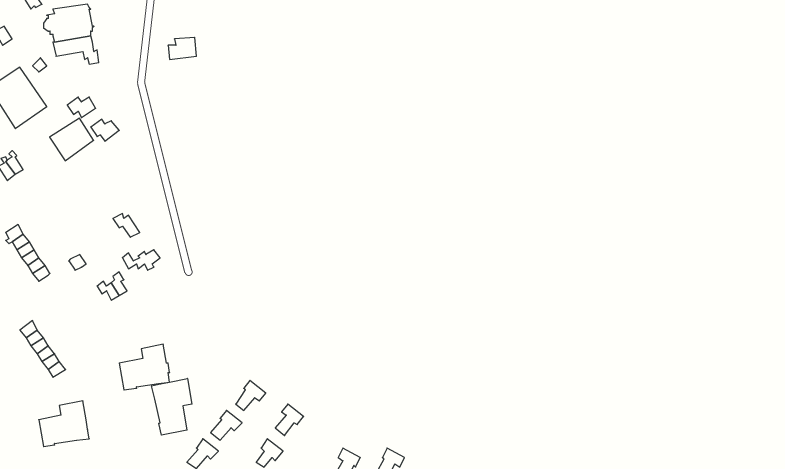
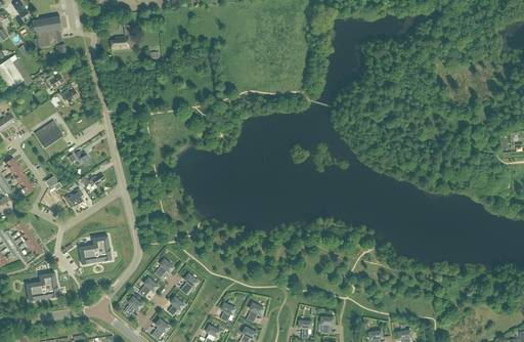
building: [50,118,94,161] -> [35,120,63,147]
building: [152,378,192,435] -> none

